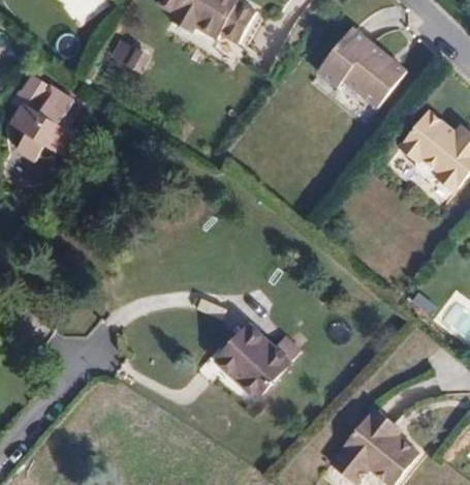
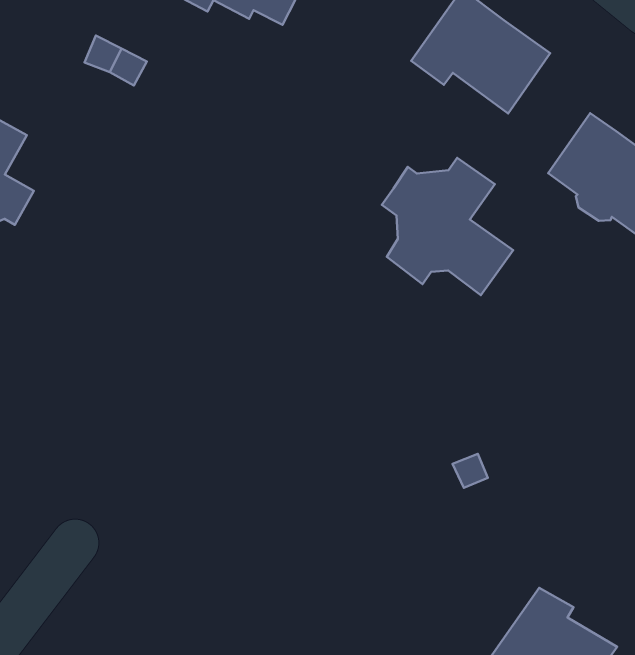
building: none -> [382,158,513,295]
building: [214,325,300,400] -> none

